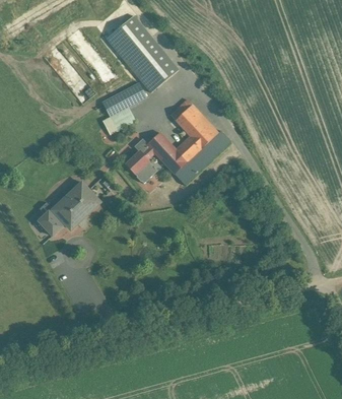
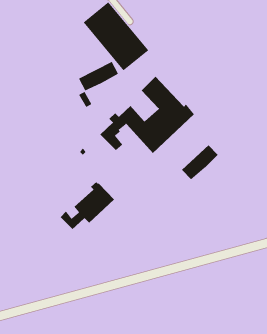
building: none -> [181,144,218,180]
building: [38,181,98,235] -> [60,181,115,230]

